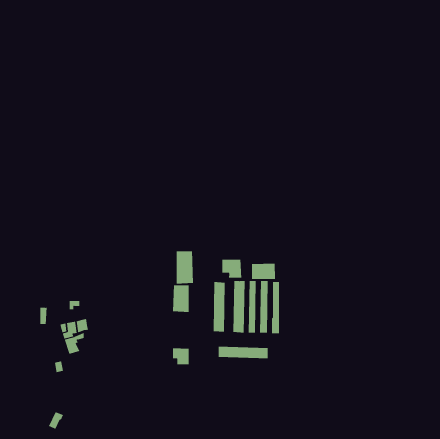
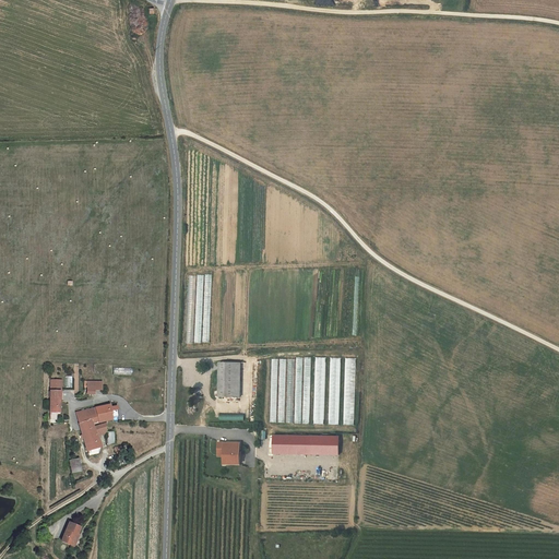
building: [176,251,193,284] -> none
building: [222,259,242,279] -> none
building: [251,263,276,280] -> none

